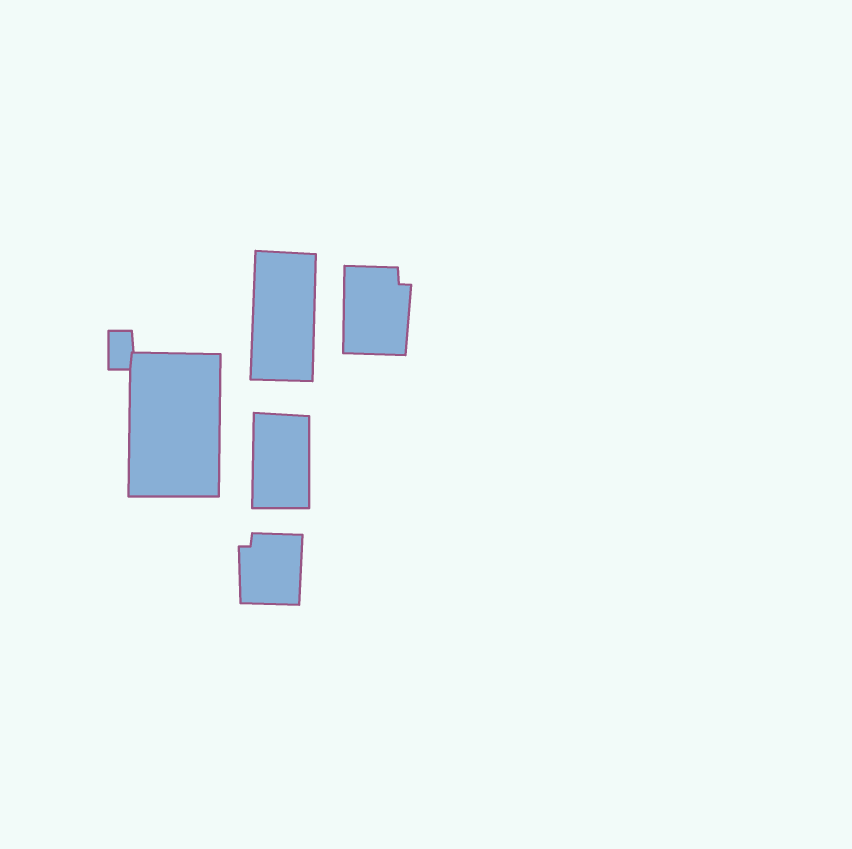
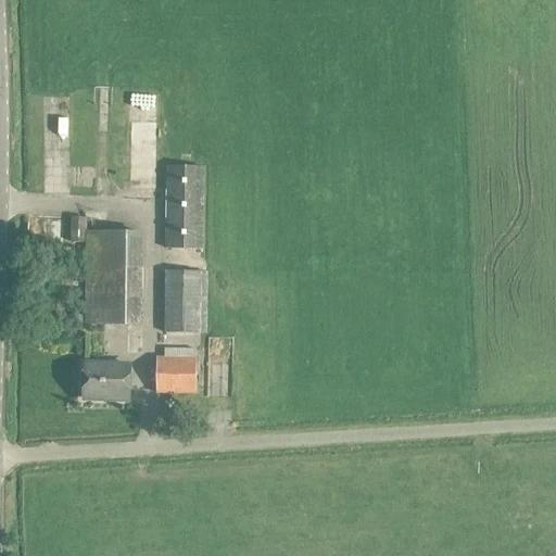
building: [343,266,411,355] -> none
building: none -> [85,363,129,397]

